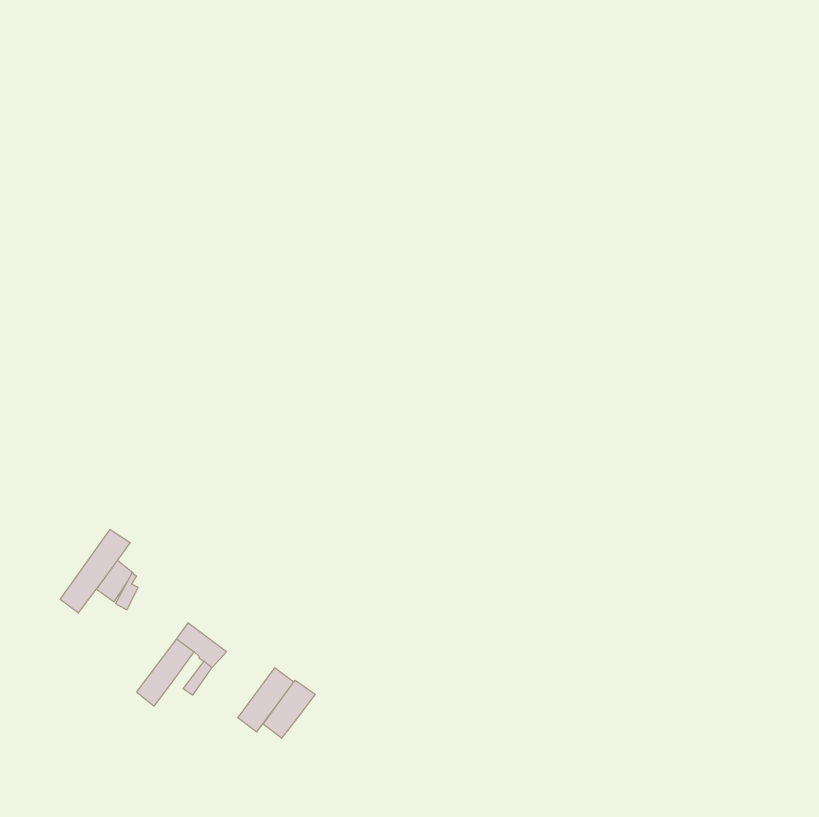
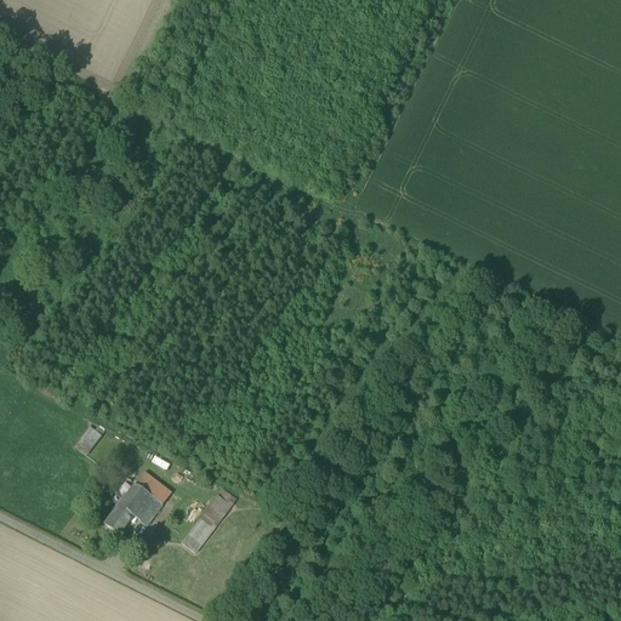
building: [60,530,130,613] -> none
building: [263,680,315,738] -> none

